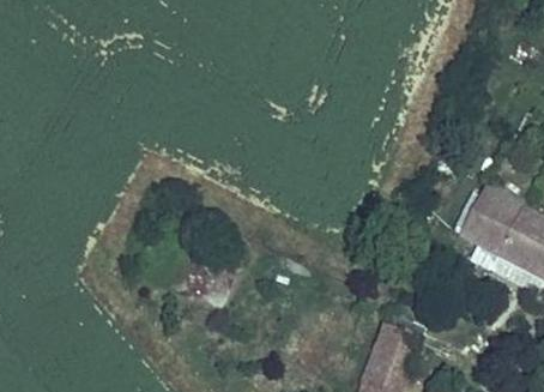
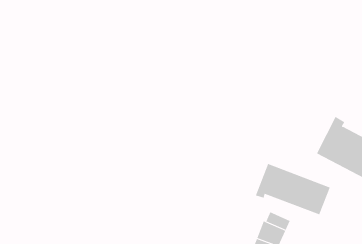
building: none -> [255,163,331,215]

